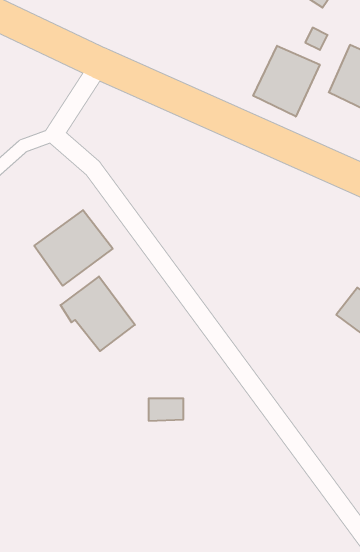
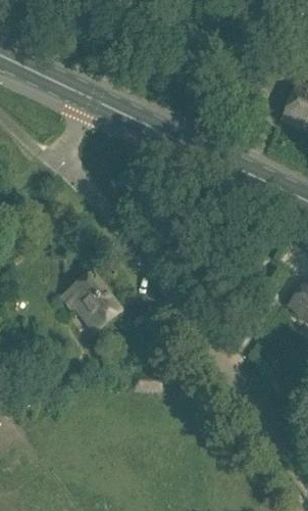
building: [253,46,320,117] -> none
building: [34,210,113,286] -> none

